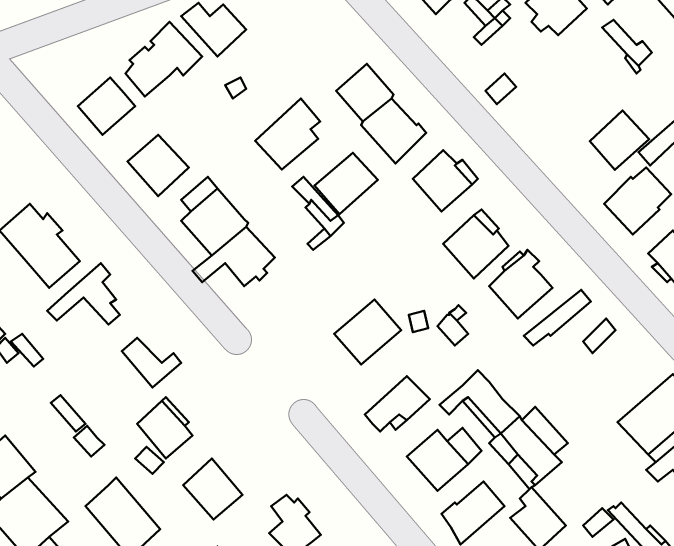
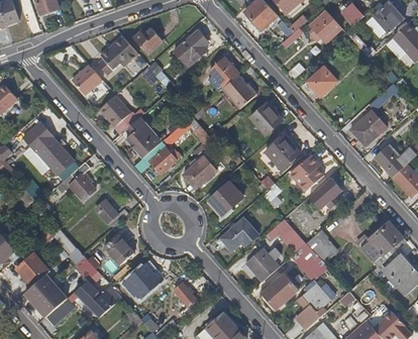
building: [255,99,320,169] -> [173,29,207,67]
building: [590,110,649,170] -> [306,66,337,97]
building: [315,153,378,214] -> [184,156,217,189]

